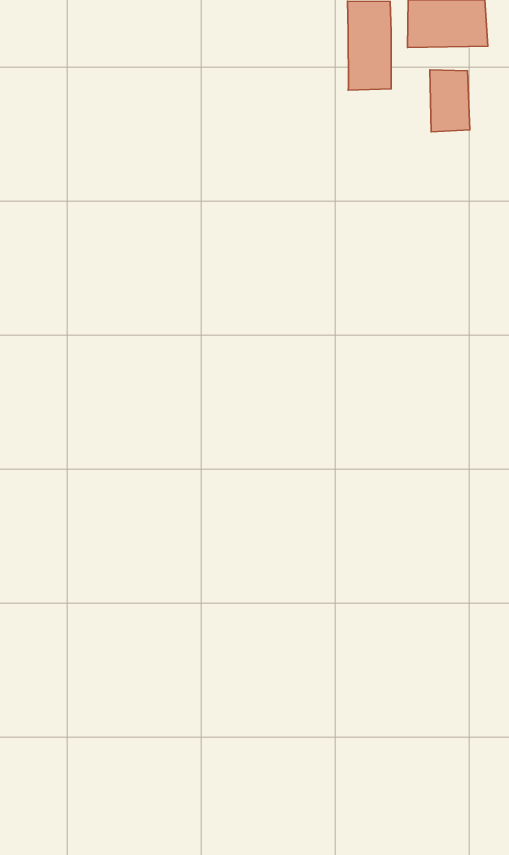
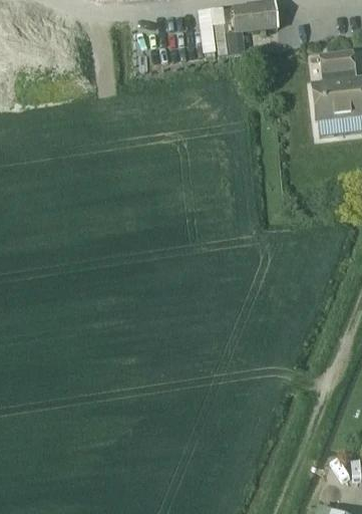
building: [430,70,470,132] -> none

